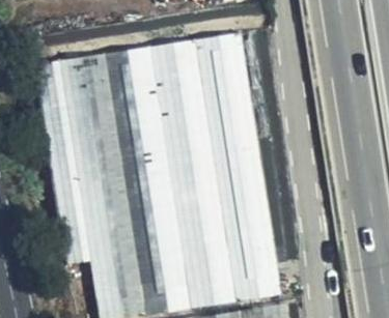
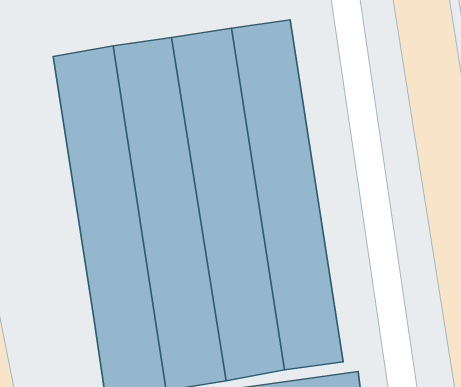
building: [36,62,90,265] -> none

